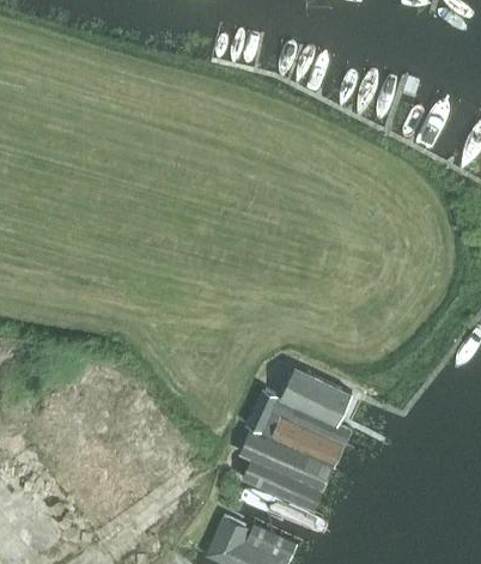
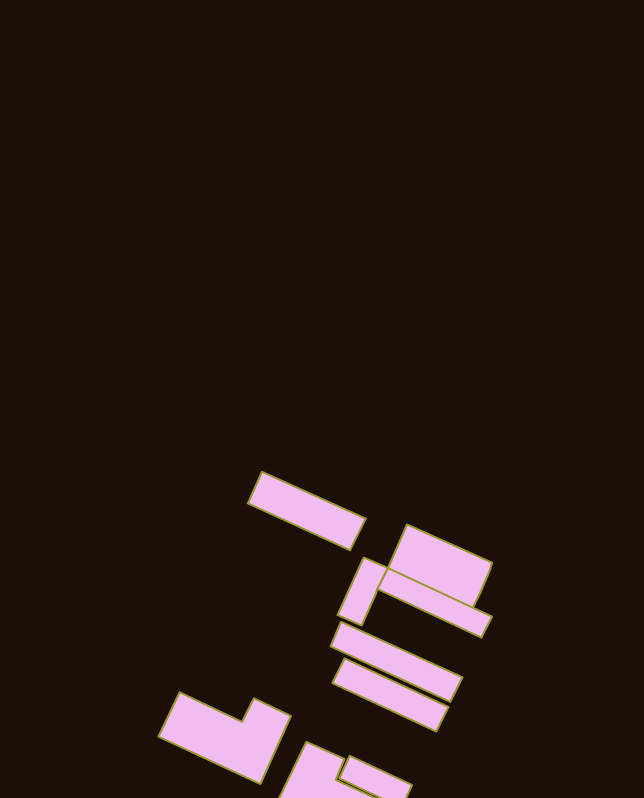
building: [262,416,343,469] -> [248,472,366,550]
building: none -> [159,692,291,784]

